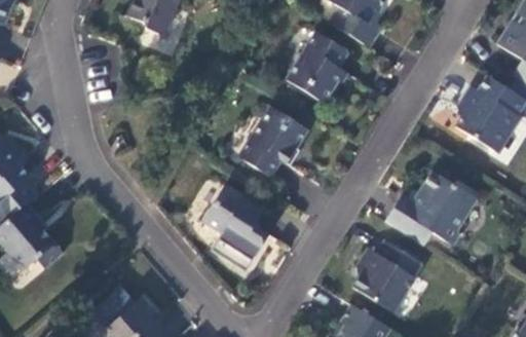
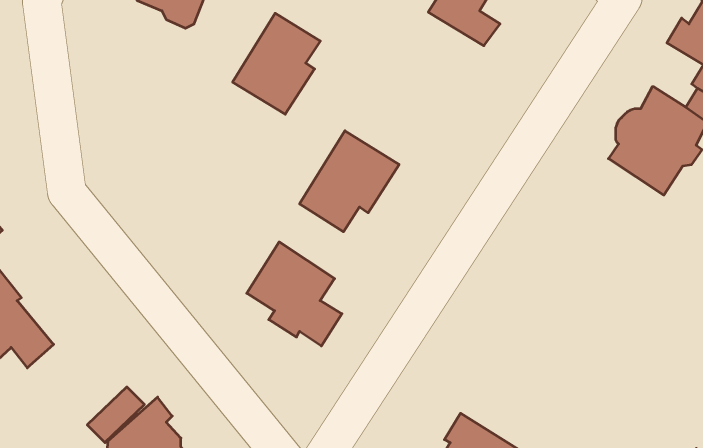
building: [287,32,348,103] -> [233,13,320,114]
building: [386,172,480,246] -> none
building: [354,239,420,310] -> none

